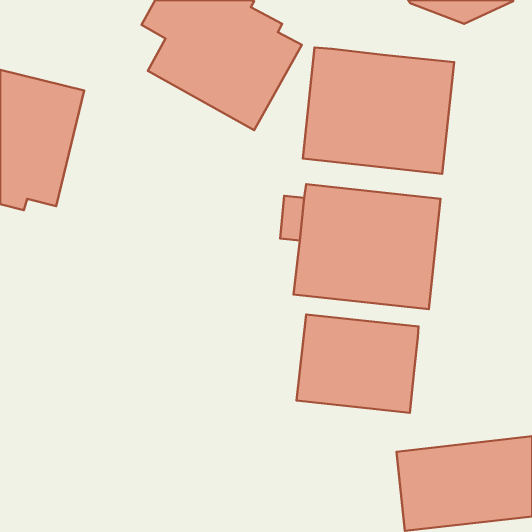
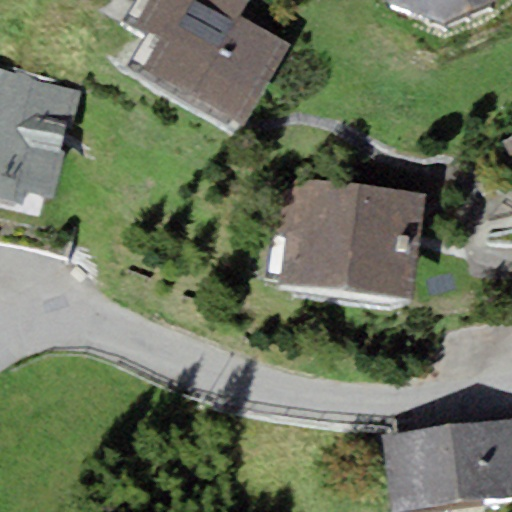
building: [303,48,454,174] -> none
building: [296,314,419,413] -> none

